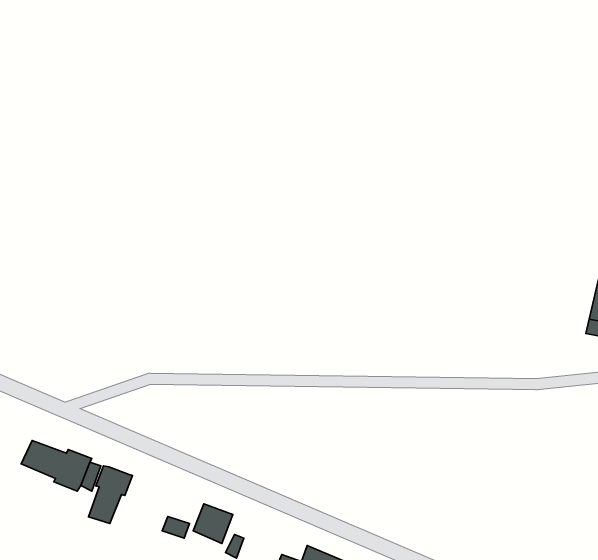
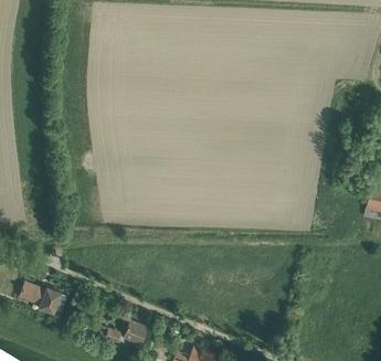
building: [89,466,132,523] -> none

